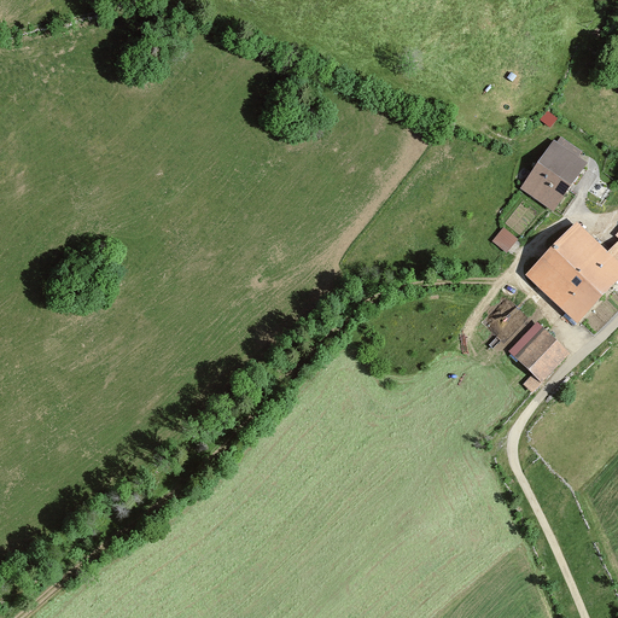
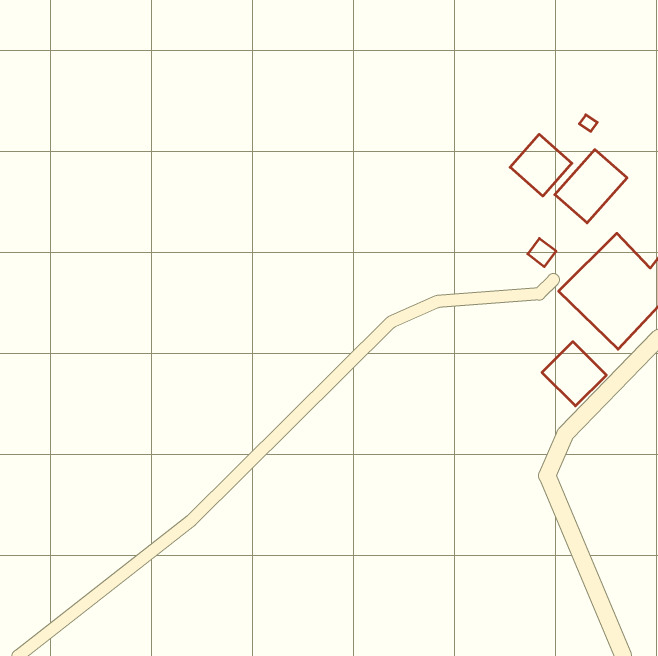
building: none -> [510,134,572,196]

